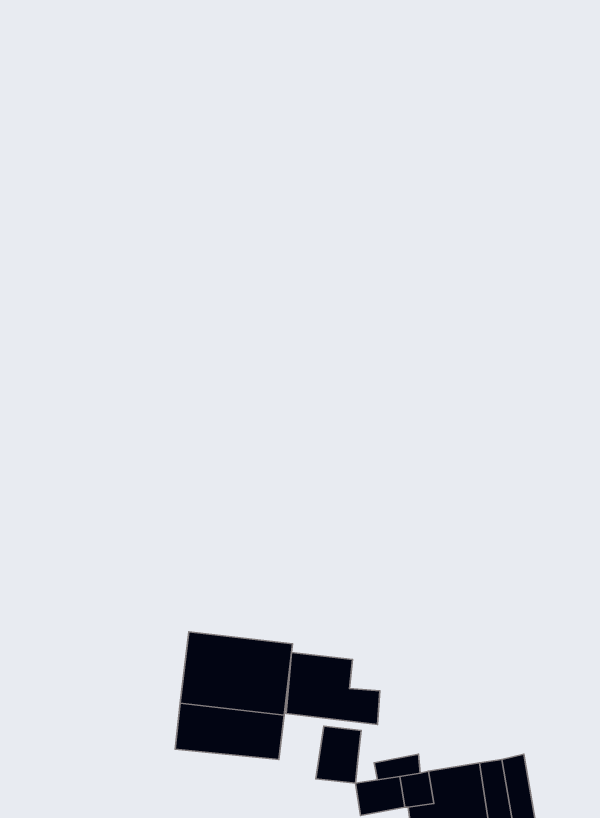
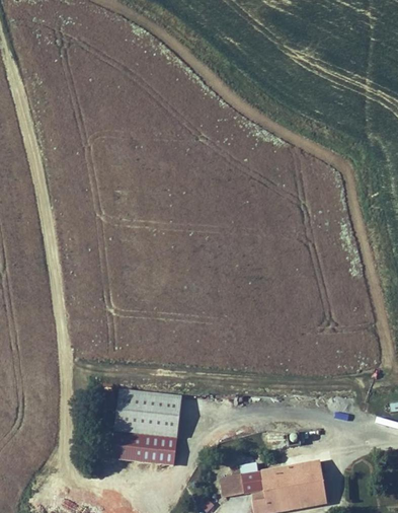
building: [286,653,380,725] -> none
building: [316,726,361,783] -> none

